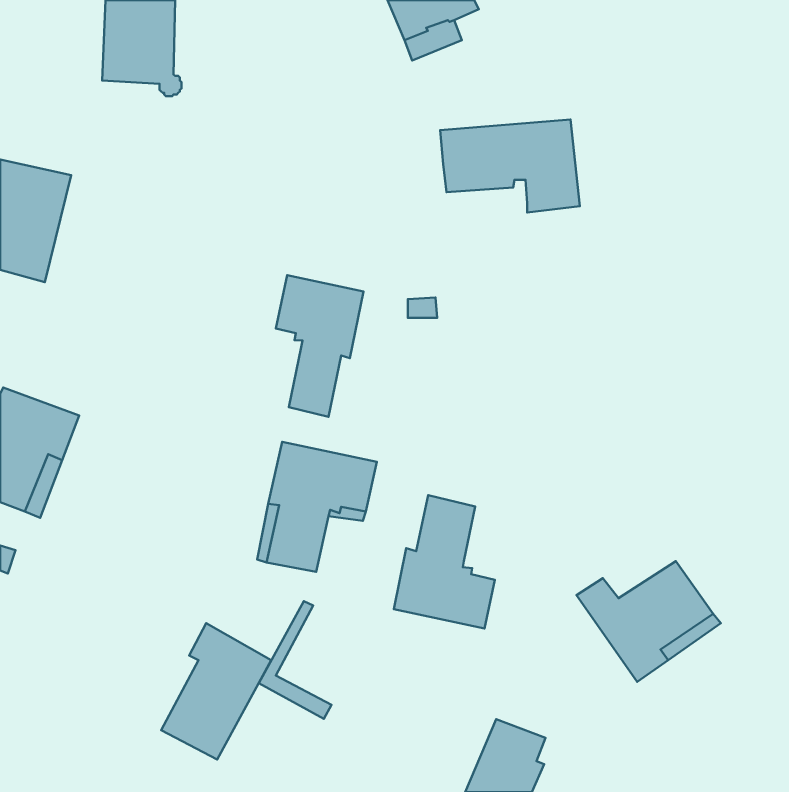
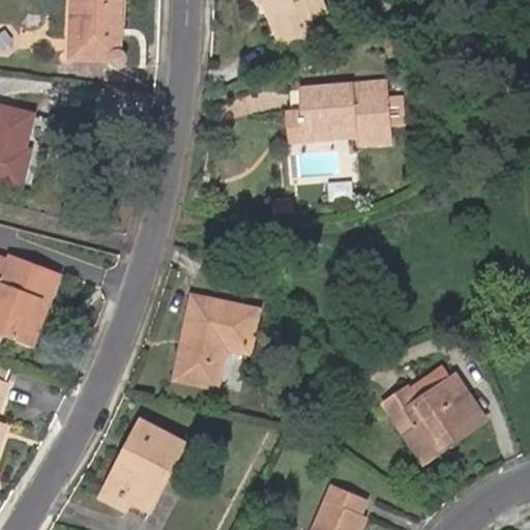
building: none -> [288,110,354,139]
building: [276,275,363,417] -> none
building: [394,495,495,628] -> none
building: [259,601,332,719] -> [98,438,147,517]

